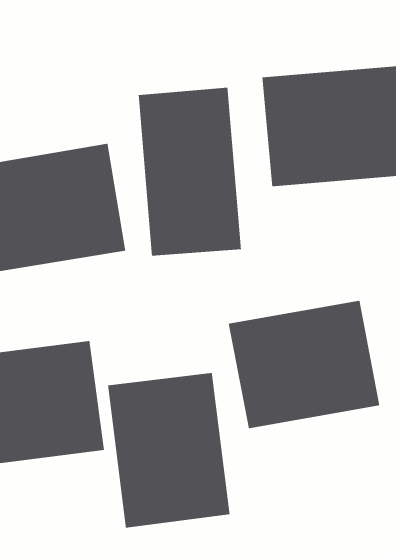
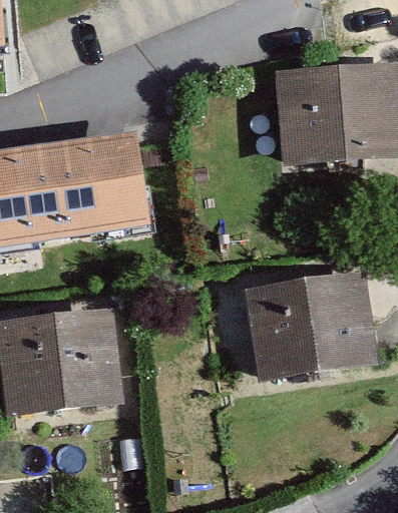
building: [138,87,241,256] -> none
building: [107,372,230,528] -> none

